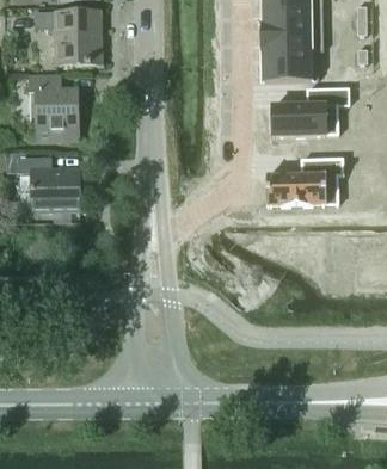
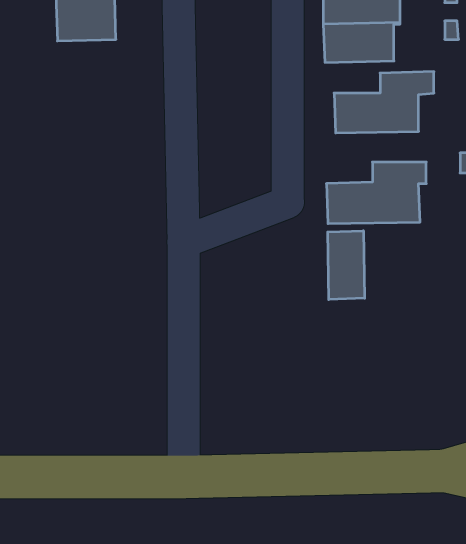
building: [30,74,79,138] -> none
building: [18,155,80,208] -> none
building: none -> [328,231,365,300]

